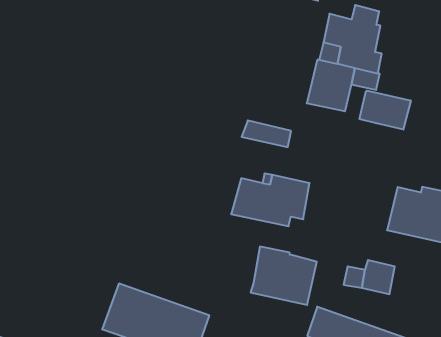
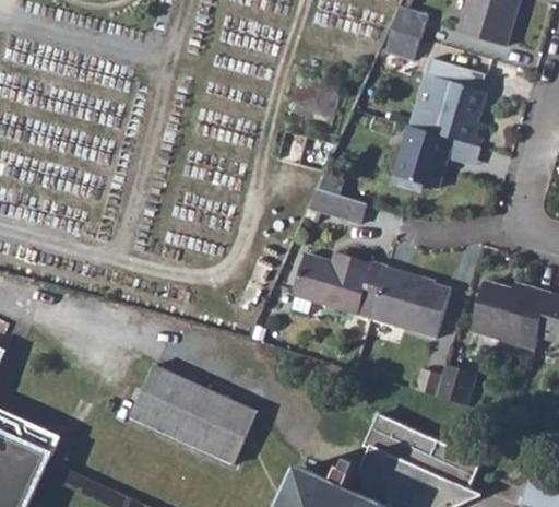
building: [360,91,411,130] -> none
building: [251,247,317,305] -> [369,267,449,339]

